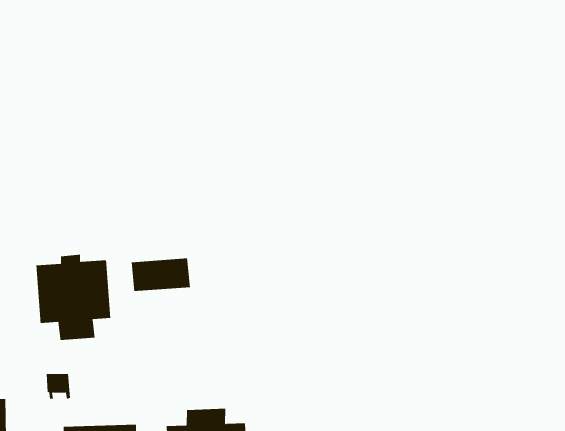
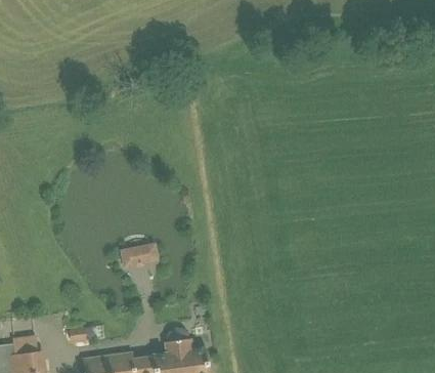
building: [36,254,111,341] -> none

